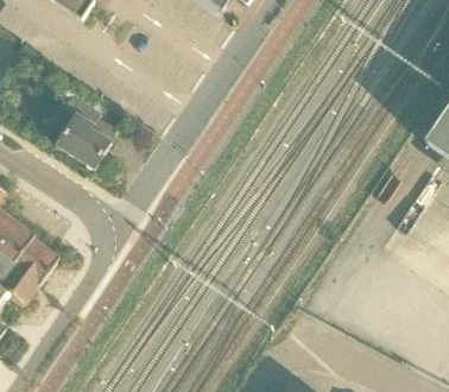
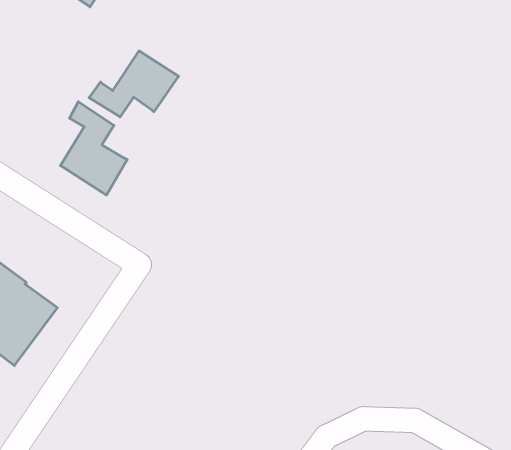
building: none -> [89,51,179,117]

